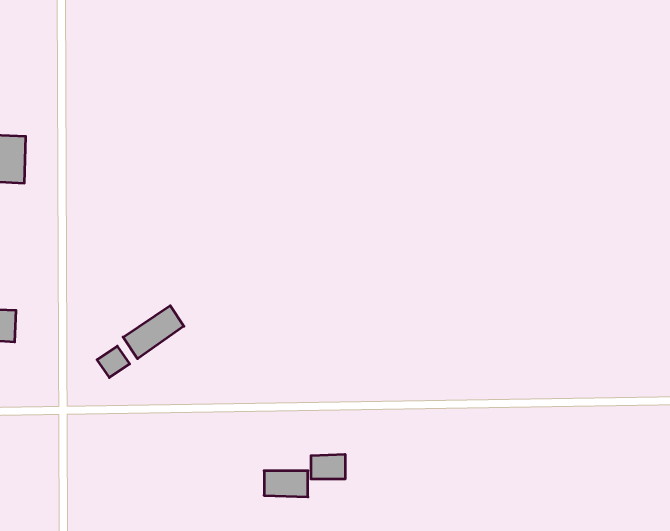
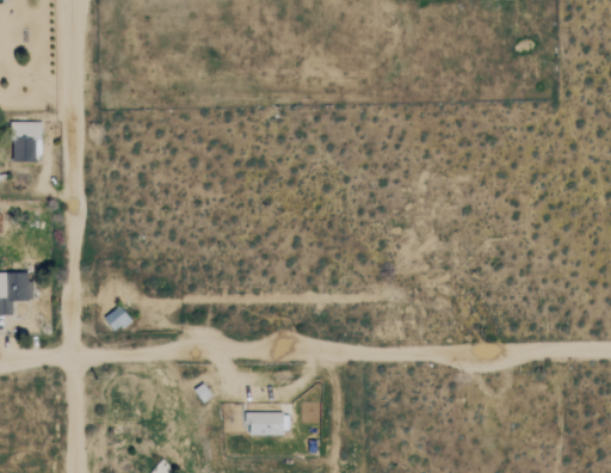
building: [123,306,184,359] -> none
building: [311,454,345,479] -> none

